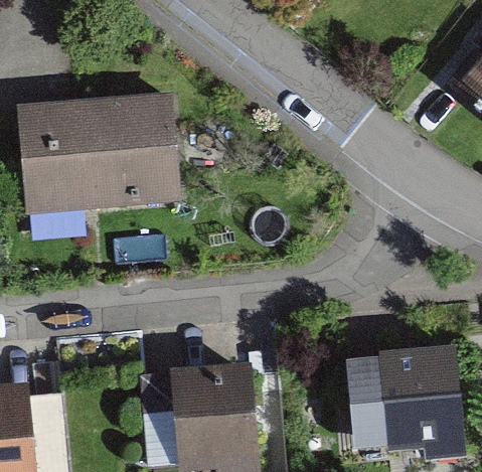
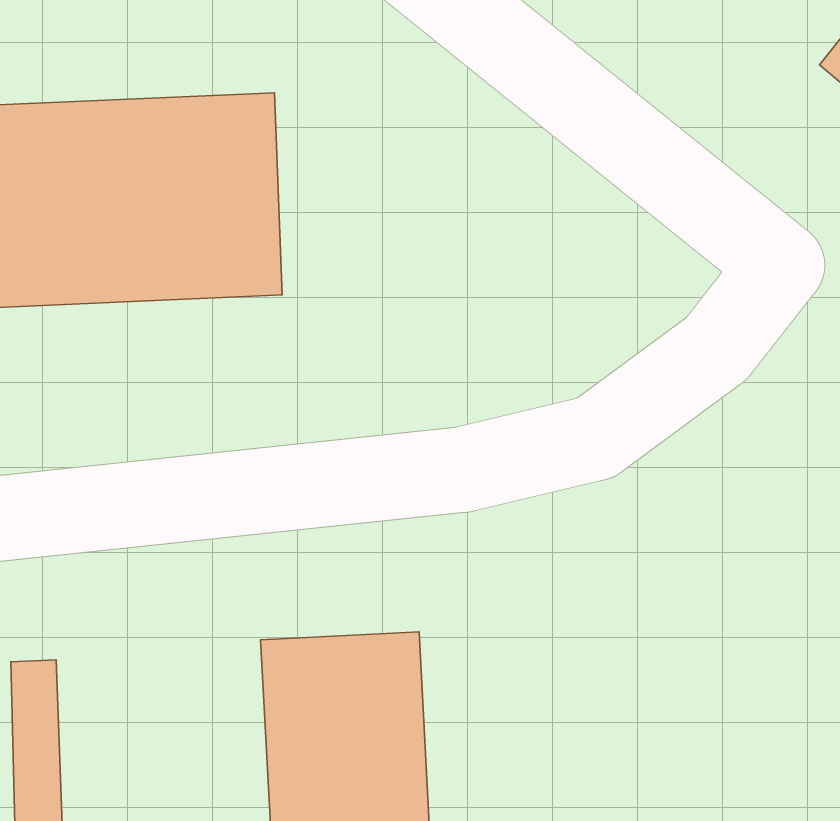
building: [377,349,460,457] -> none

